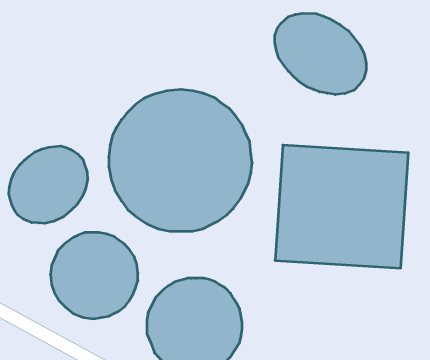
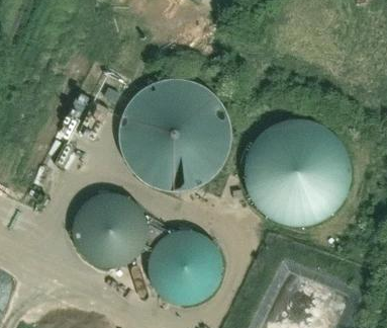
building: [275,13,366,95] -> none
building: [9,146,87,223] -> none

